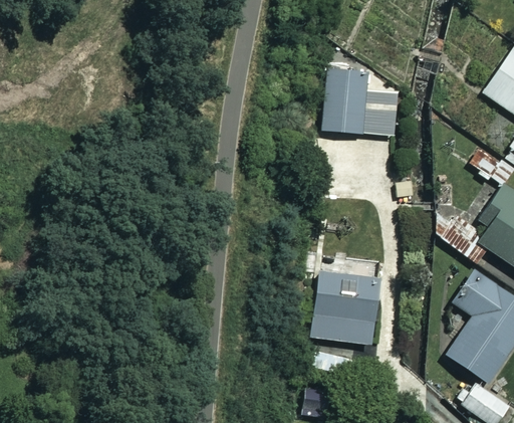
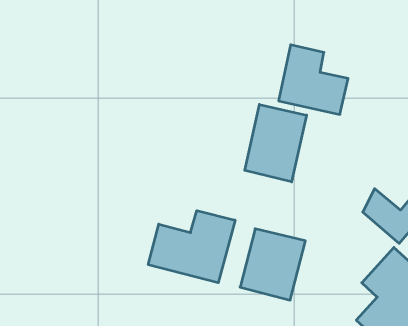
building: none -> [245,104,307,182]
building: none -> [148,211,235,283]

